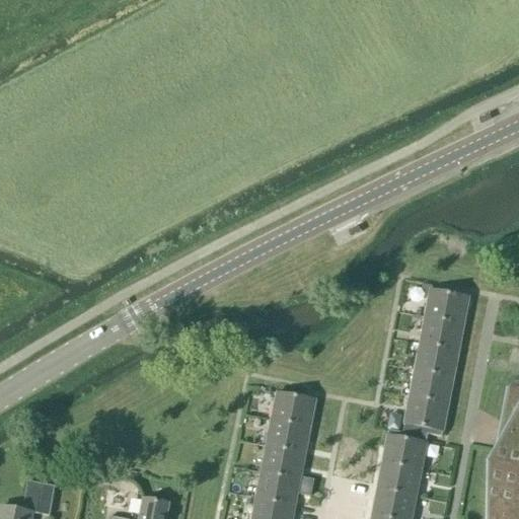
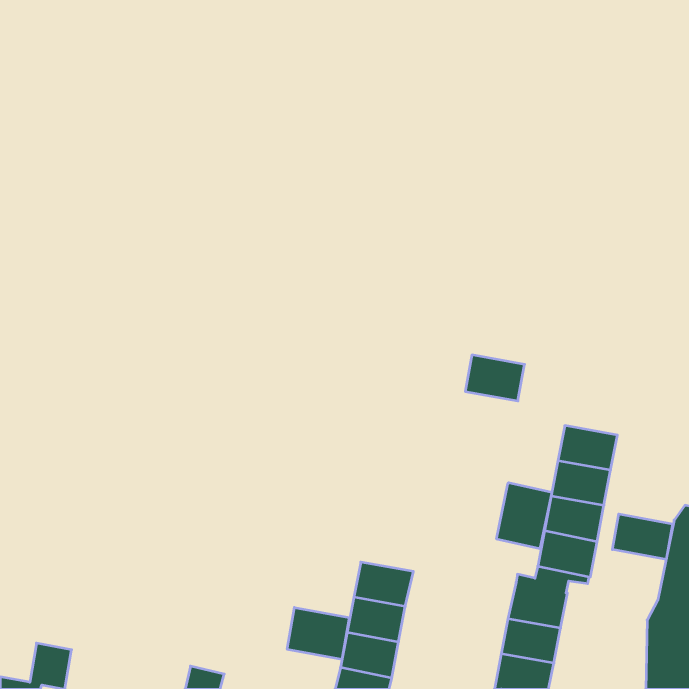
building: [425,292,469,326] -> [465,355,525,401]
building: none -> [497,483,552,549]
building: none -> [612,514,672,560]
building: [272,394,316,429] -> none
building: none -> [287,607,349,660]

